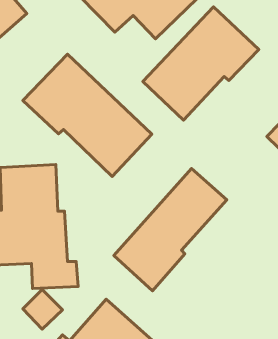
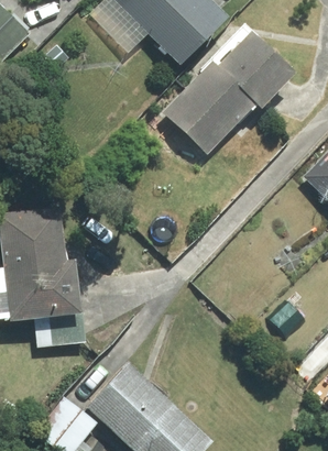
building: [23,54,152,176] -> none
building: [114,168,227,291] -> none

